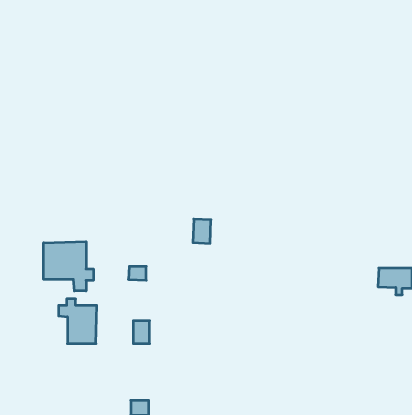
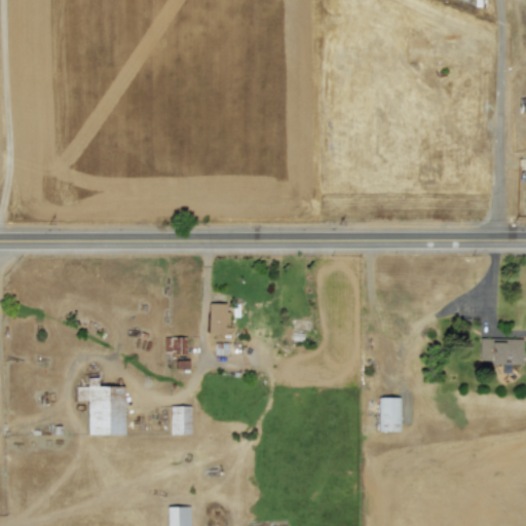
building: [193,219,211,243] -> [210,303,232,334]
building: [44,242,93,291] -> none
building: none -> [380,398,403,431]

